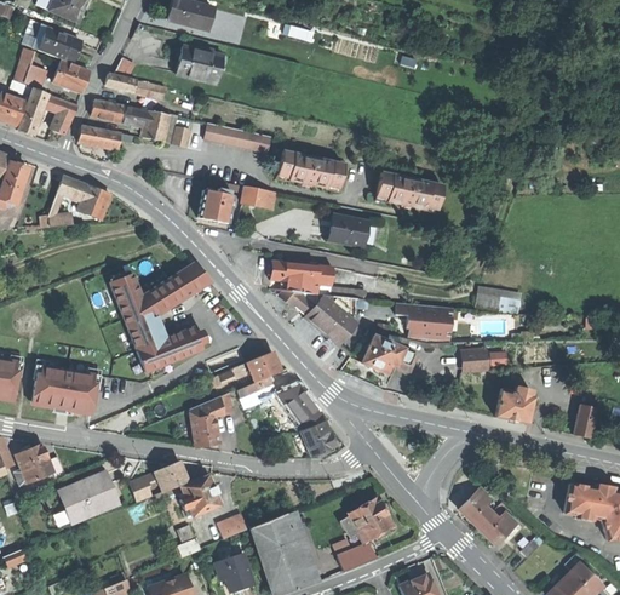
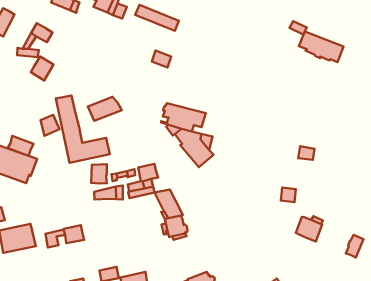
building: [279,151,344,188] -> none
building: [377,172,442,208] -> [299,32,344,62]
building: [79,185,110,219] -> [31,57,54,80]
building: [199,190,234,223] -> none
building: [329,214,368,247] -> none
building: [142,285,172,317] -> [41,115,60,136]
building: [395,302,447,342] -> none
building: [362,334,414,374] -> none
building: none -> [8,136,34,156]
building: [193,414,219,446] -> [91,164,107,183]
building: [180,474,220,515] -> none

